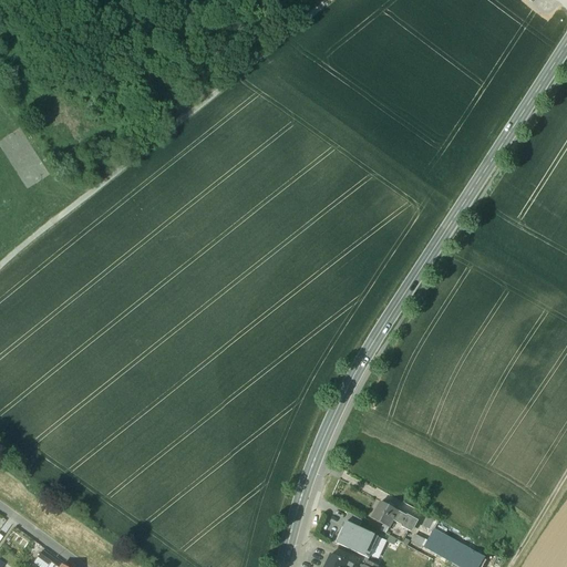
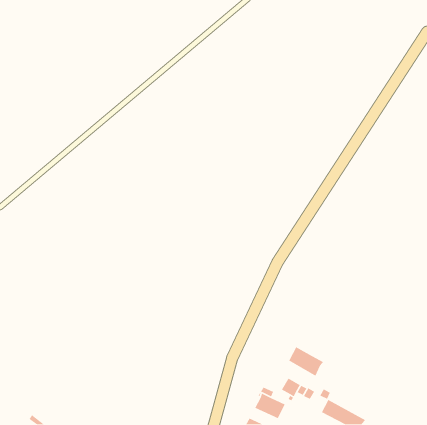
building: none -> [288,346,324,377]

